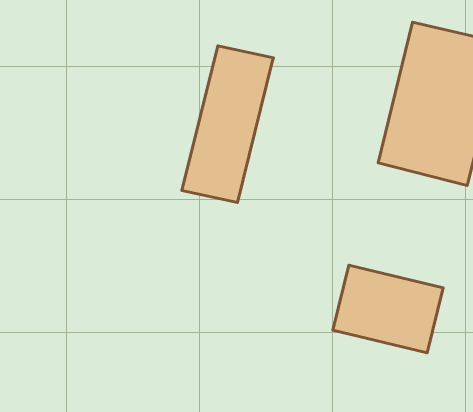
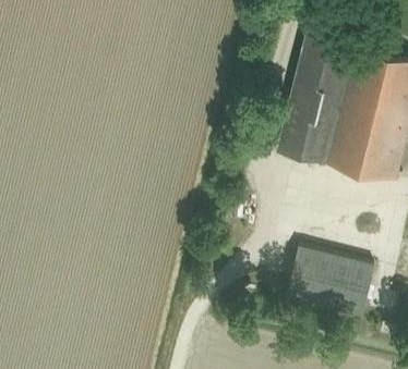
building: [182,46,274,203] -> [276,35,351,163]

